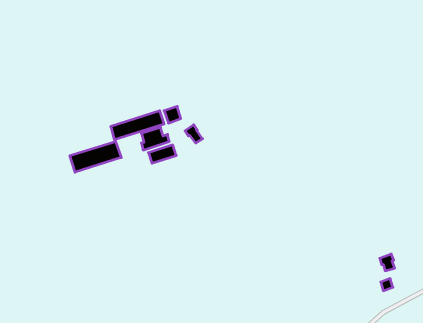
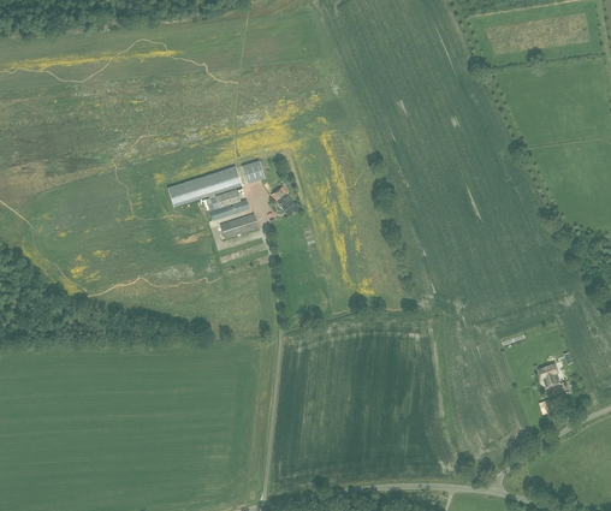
building: [70,141,121,172] -> none

